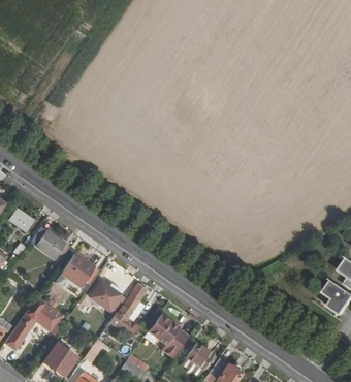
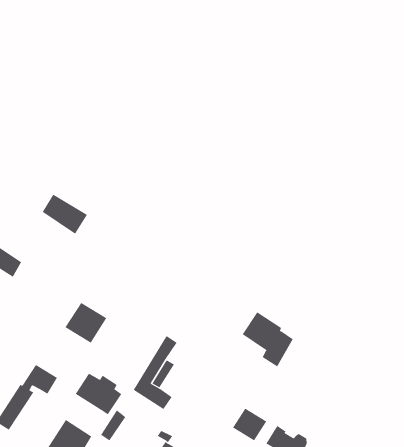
building: [30,225,65,257] -> [42,194,88,234]
building: [88,280,124,313] -> [75,373,122,415]
building: [148,313,187,356] -> [242,312,293,367]

